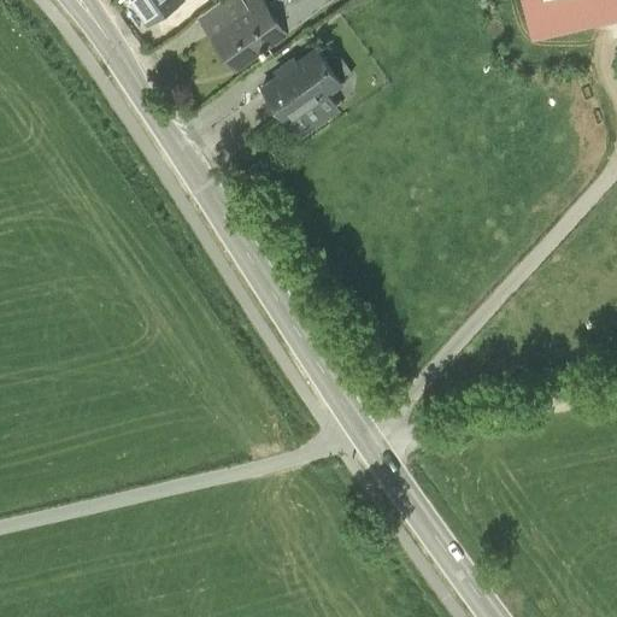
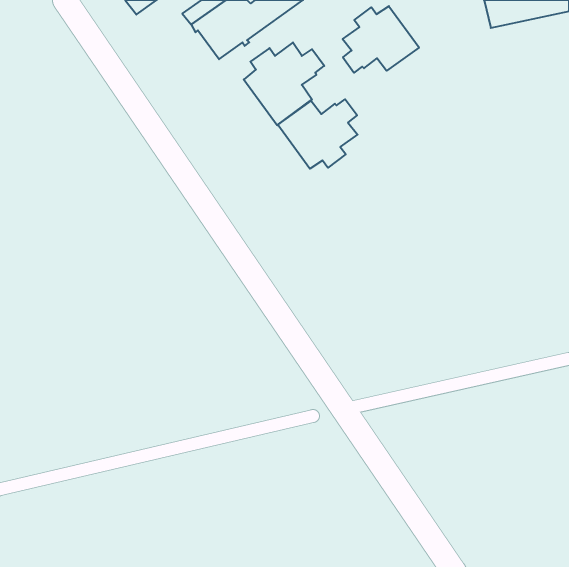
building: none -> [343,6,419,73]
building: none -> [278,99,358,169]

